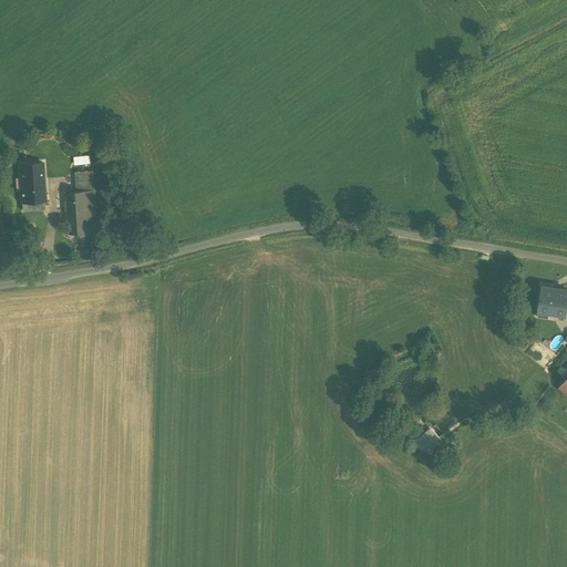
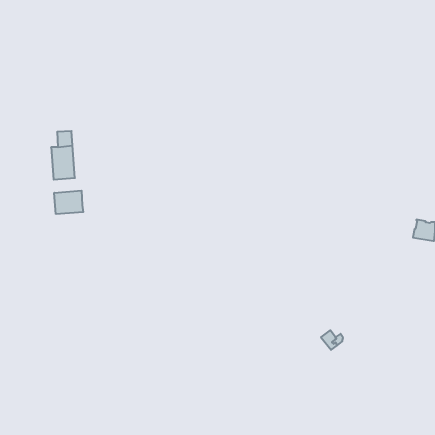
building: [20,163,45,210] -> none
building: none -> [54,191,83,214]

